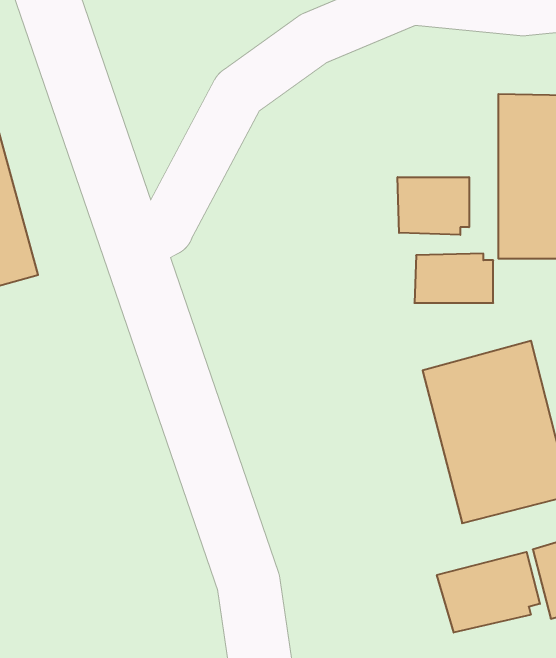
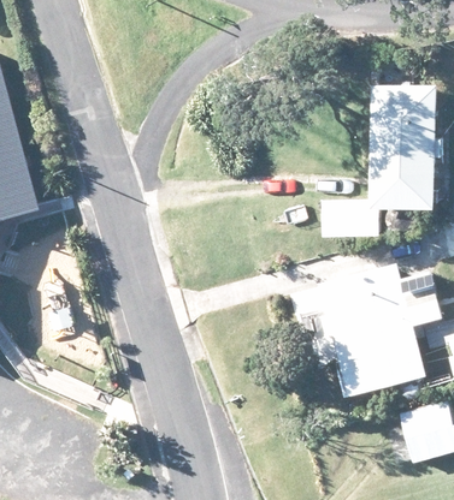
building: [398,177,469,235] -> none
building: [437,552,540,633] -> none

